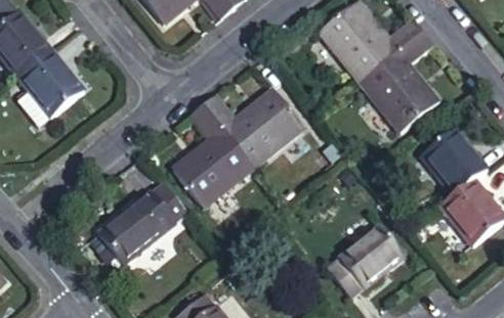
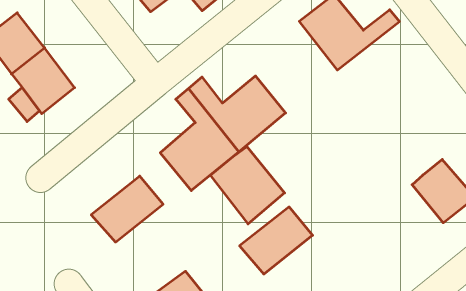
building: [361,29,436,129] -> none
building: [421,126,485,190] -> none
building: none -> [211,147,285,224]
building: [332,234,409,305] -> [240,207,313,274]

